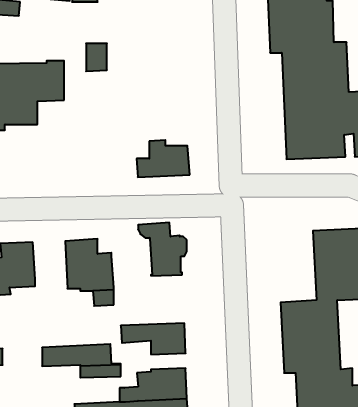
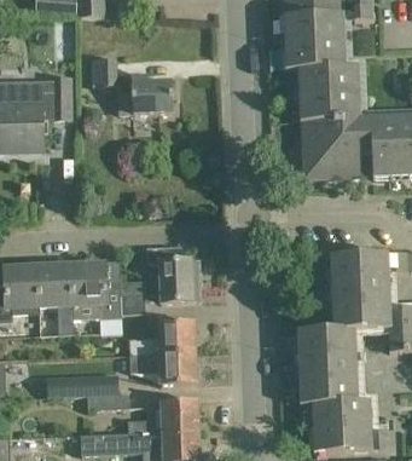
building: [137,140,190,177] -> [118,75,174,114]
building: none -> [37,266,74,334]
building: none -> [120,281,145,315]
building: none -> [128,321,196,355]

